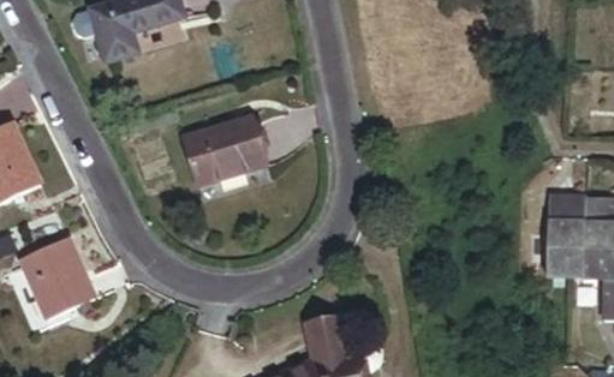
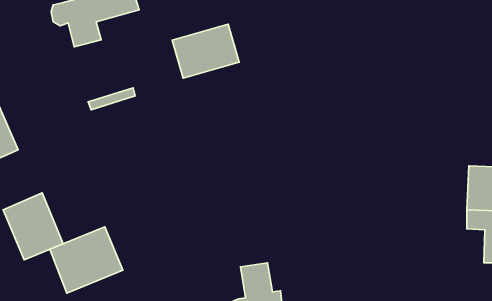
building: [186,116,267,181] -> [172,24,239,78]
building: [541,202,582,279] -> none
building: none -> [50,227,123,293]

